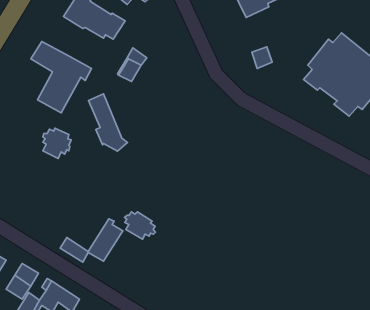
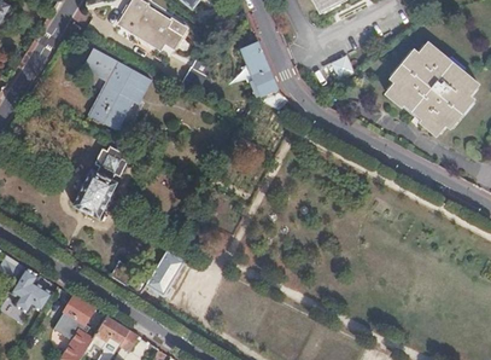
building: [88,94,127,151] -> [240,42,284,106]
building: none -> [74,169,116,217]
building: [125,212,155,239] -> none

